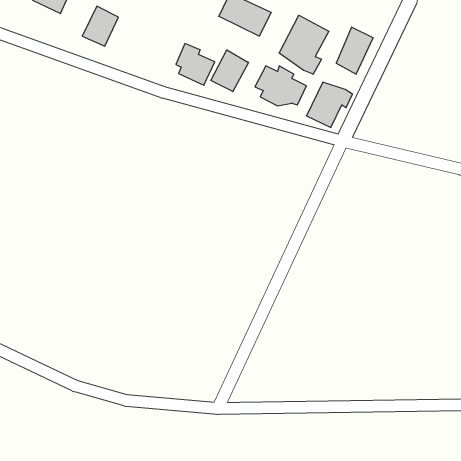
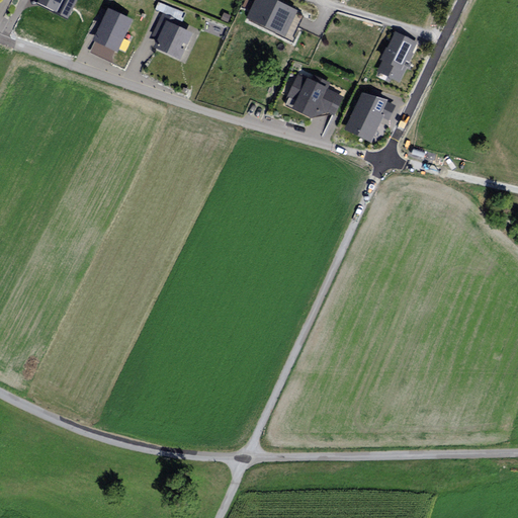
building: [279,15,329,74] -> none
building: [176,44,215,85] -> [150,13,193,60]
building: [211,50,249,92] -> none

